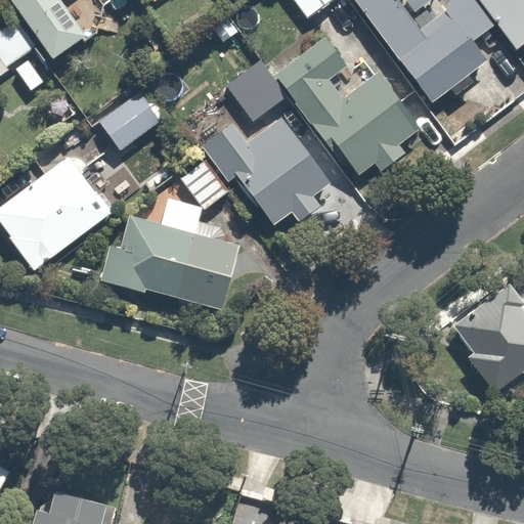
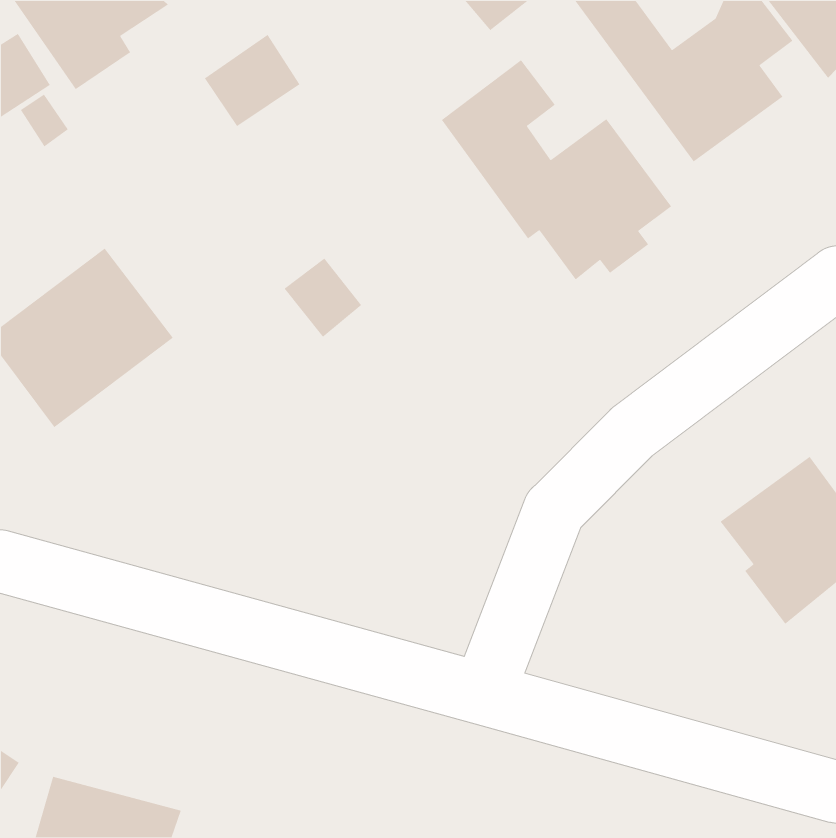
building: [228,61,288,120] -> none
building: [98,93,159,151] -> [204,34,301,127]
building: [205,118,328,227] -> none
building: [97,208,225,308] -> none

